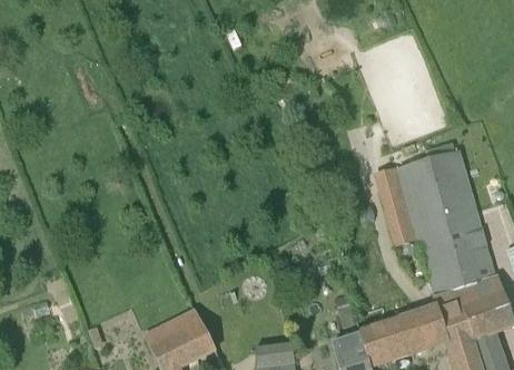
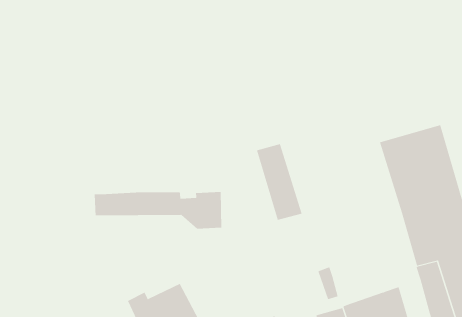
building: [372,166,418,244] -> [256,143,302,220]
building: none -> [94,191,222,229]

